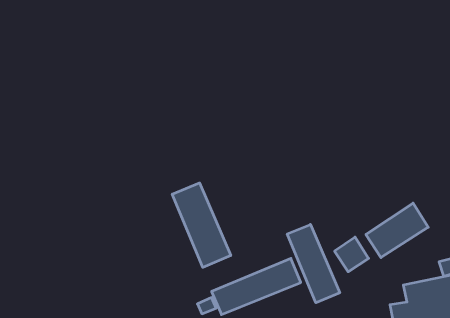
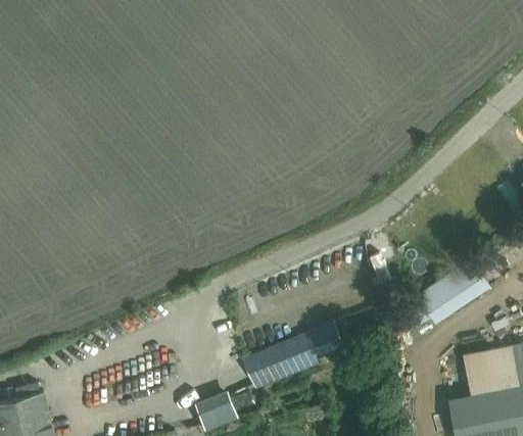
building: [172,183,231,267] -> none
building: [287,224,340,303] -> none

